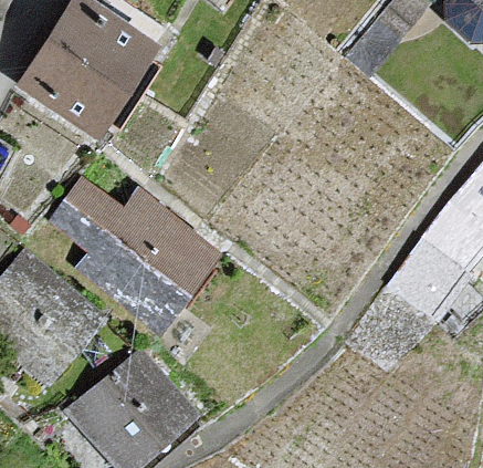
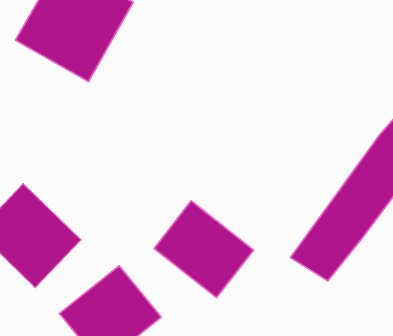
building: [54,180,218,327] -> none
building: none -> [154,201,253,298]

